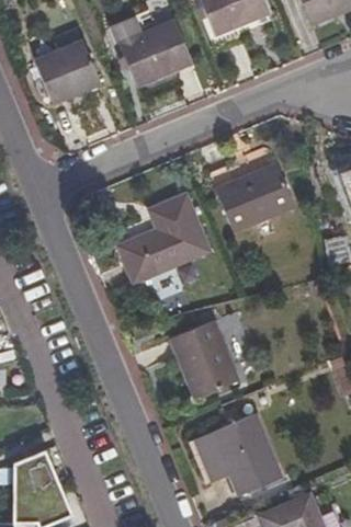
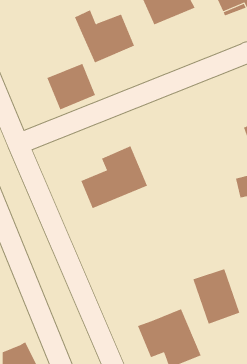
building: [34,39,100,102] -> [47,63,96,110]
building: [216,161,294,230] -> none
building: [174,320,238,394] -> [193,268,240,324]

